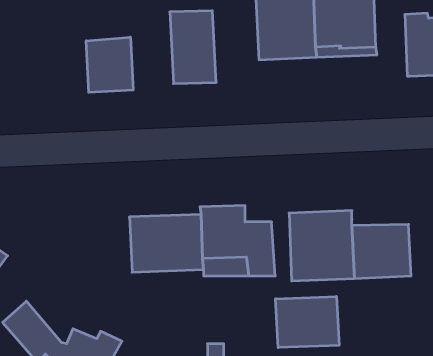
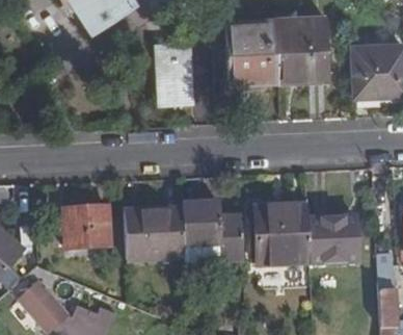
building: [86,37,133,92] -> none
building: none -> [65,207,111,250]
building: [276,296,339,348] -> none

